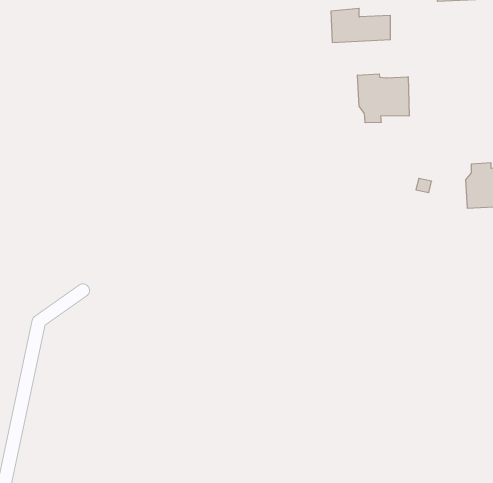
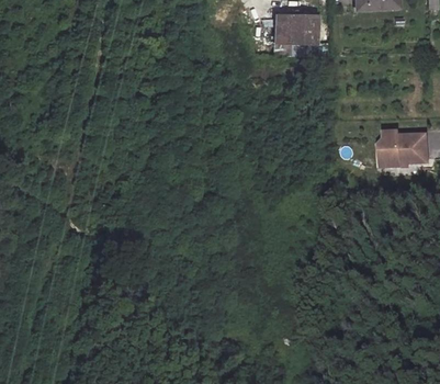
building: [358,74,409,123] -> none

